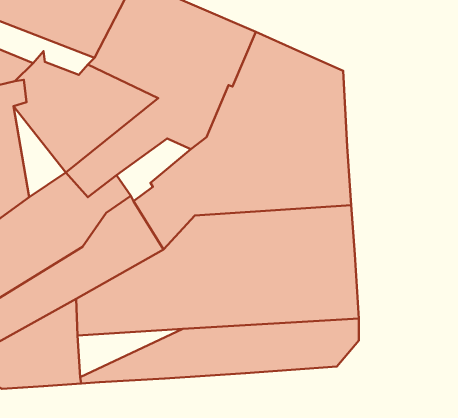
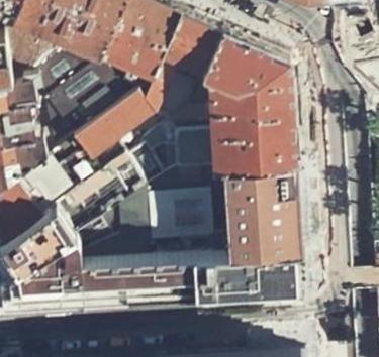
building: none -> [83,265,165,303]

